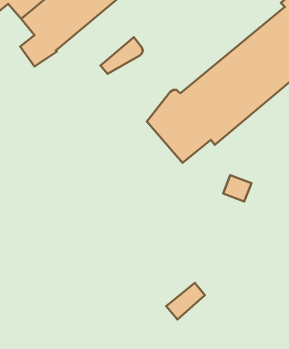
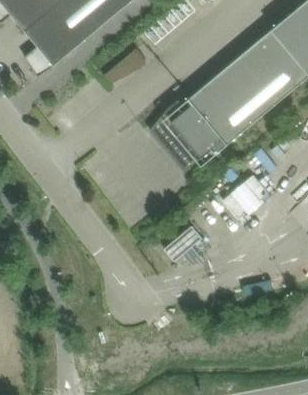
building: [166,283,205,319] -> [164,225,202,261]

